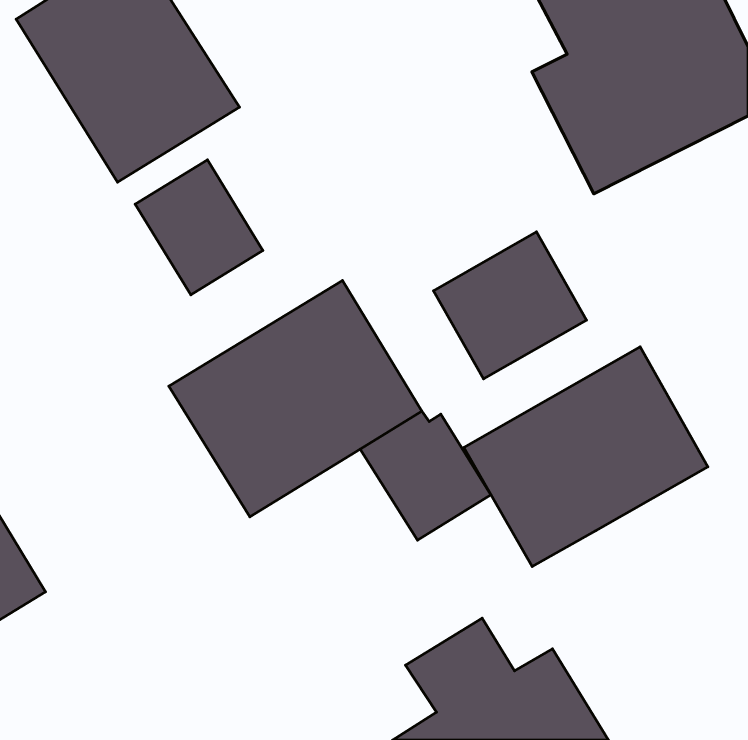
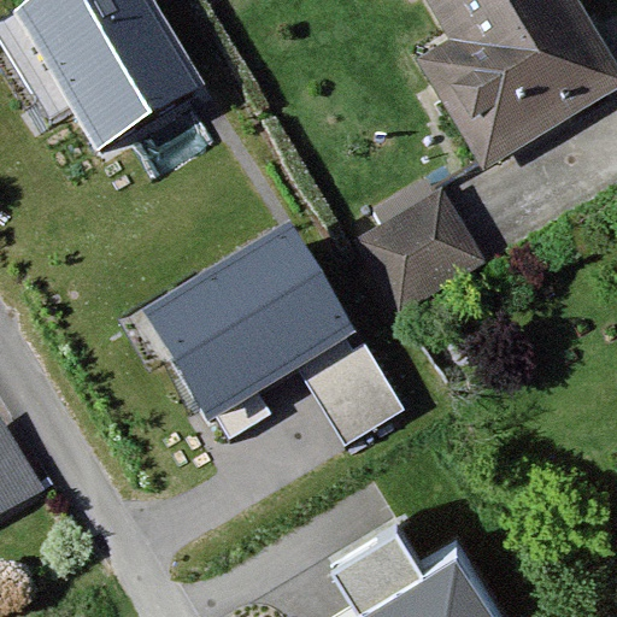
building: [135,160,263,295] -> none
building: [464,347,708,567] -> none

